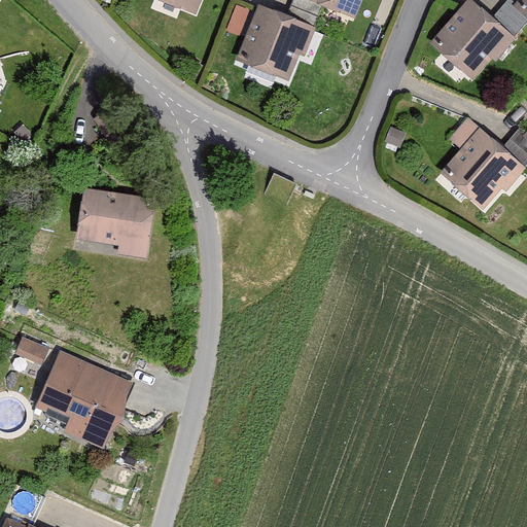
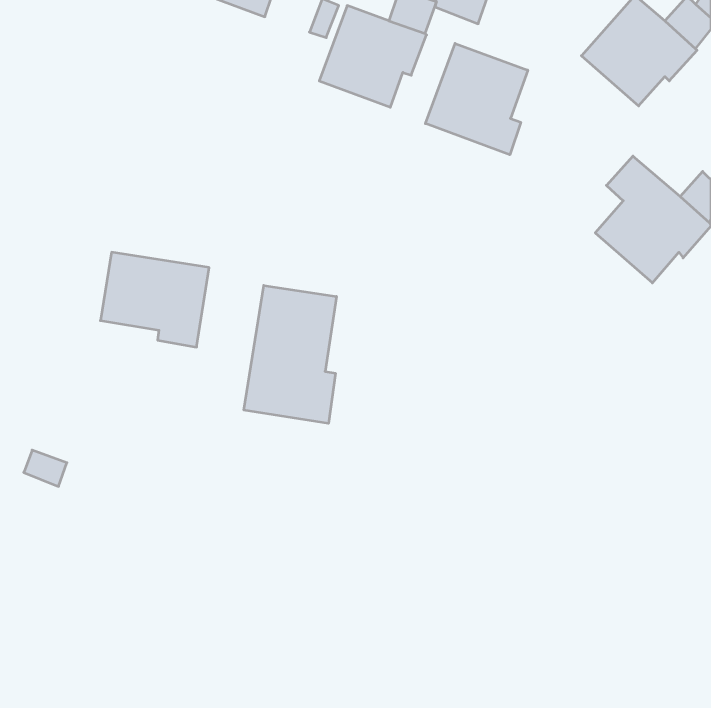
building: none -> [425,43,528,155]
building: none -> [244,285,336,423]
building: [35,350,132,447] -> none

